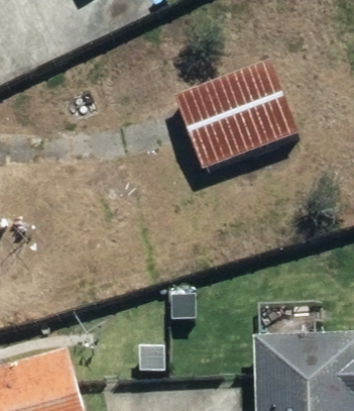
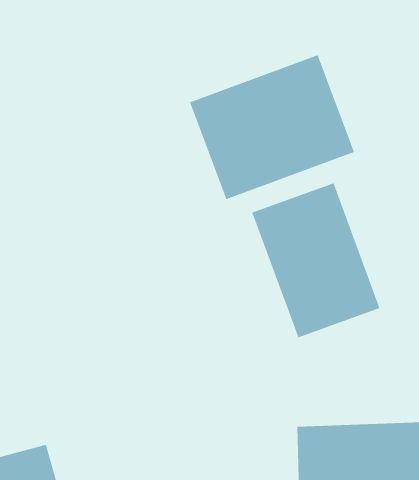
building: none -> [252,183,380,338]

